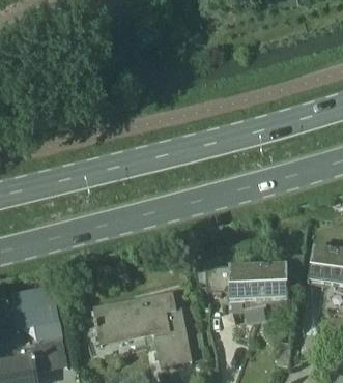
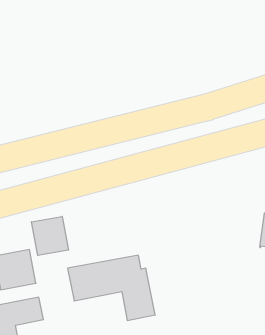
building: none -> [32,216,68,255]
building: [204,262,287,310] -> none

